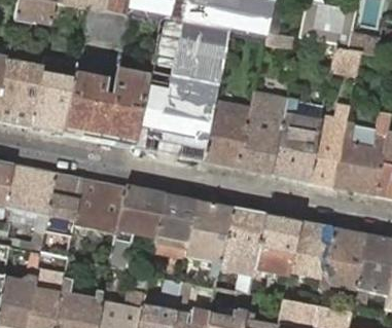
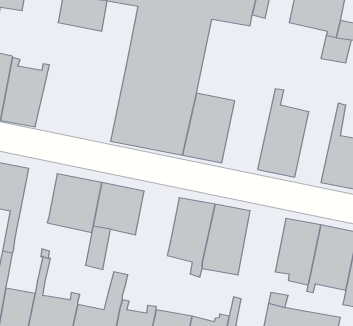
building: [62,70,147,146] -> none
building: [238,88,288,173] -> none
building: [307,104,349,185] -> none
building: [44,172,82,234] -> none
building: [156,193,198,254] -> none
building: [254,212,298,274] -> none

